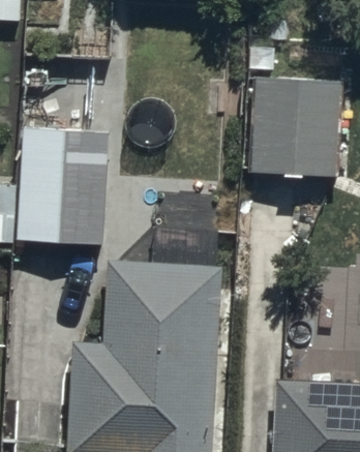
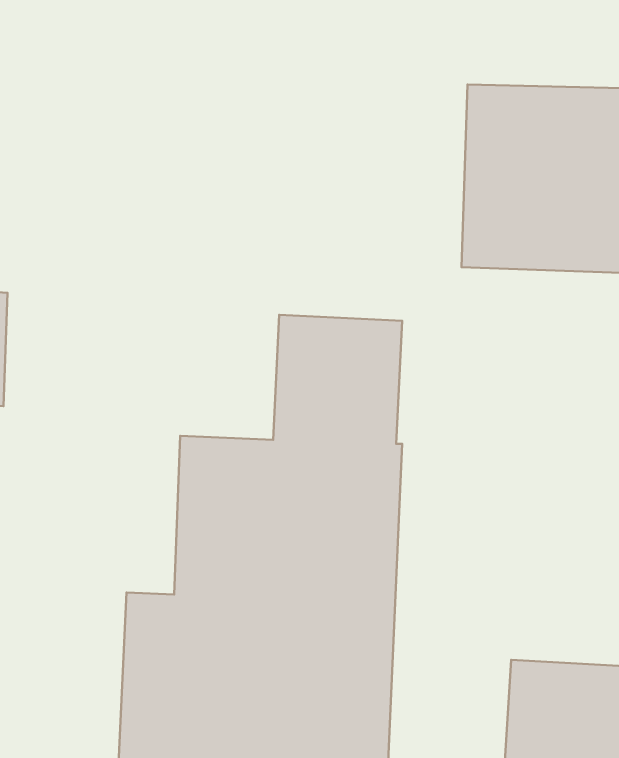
building: [19,128,111,243] -> none

